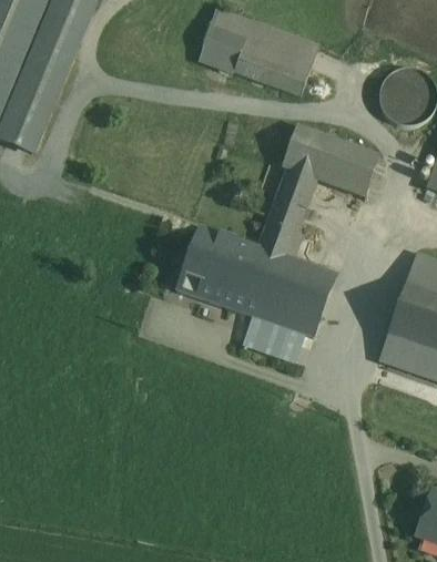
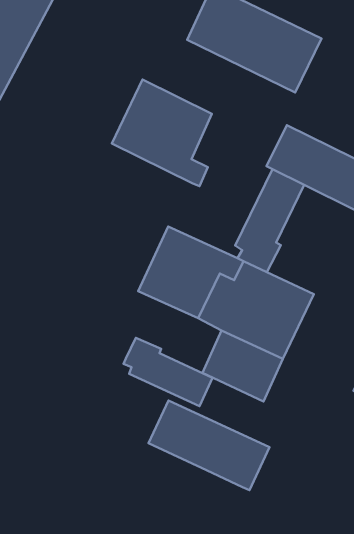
building: none -> [112,80,212,186]
building: none -> [124,338,213,406]
building: none -> [149,401,269,490]

